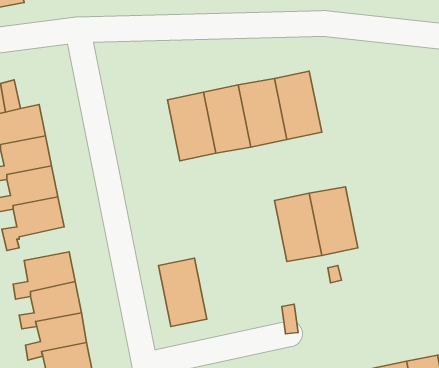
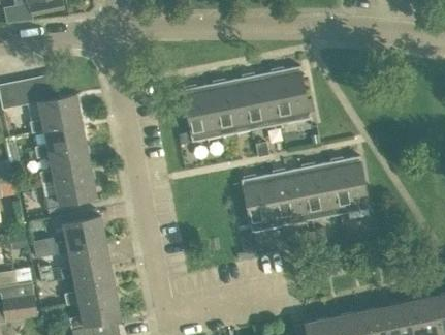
building: none -> [329,156,370,213]
building: [158,258,207,327] -> [241,174,281,231]

